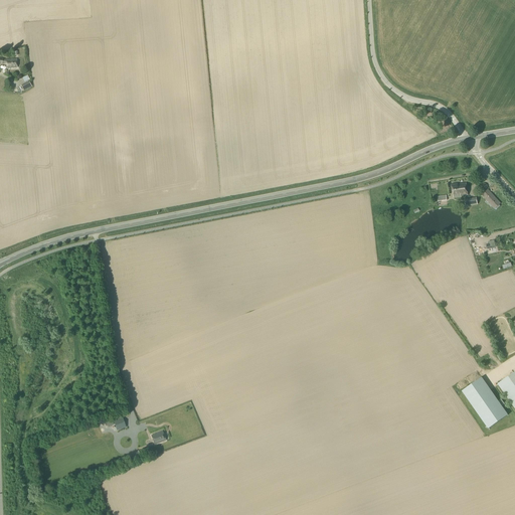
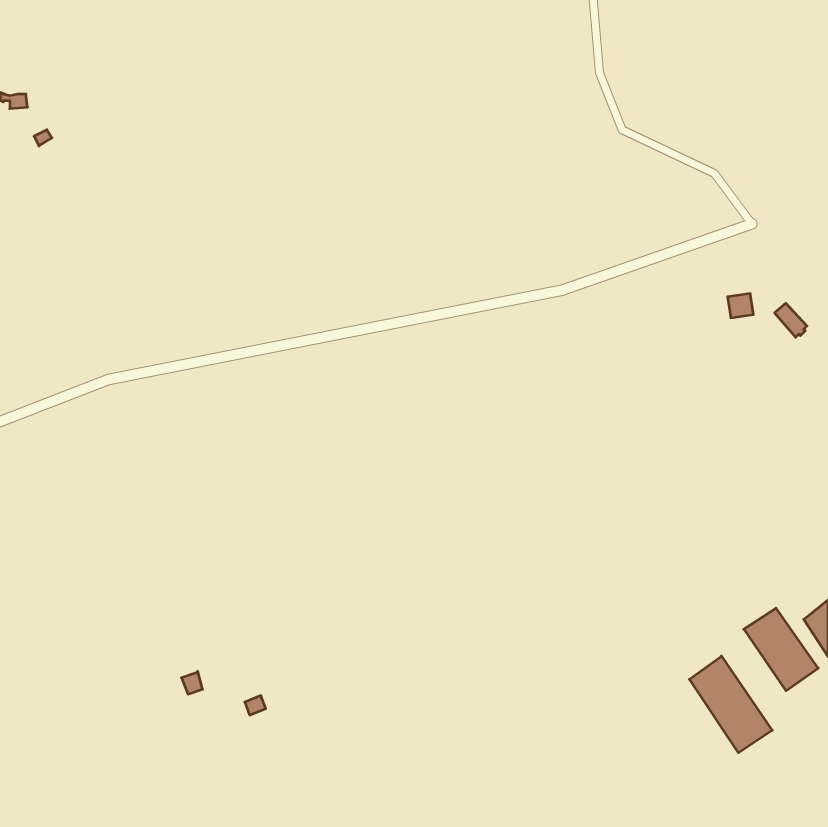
building: none -> [689,656,772,753]

